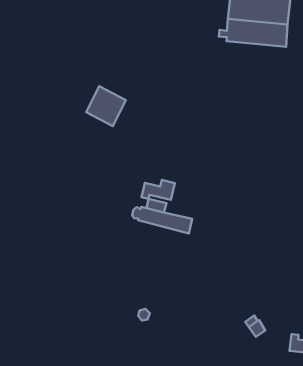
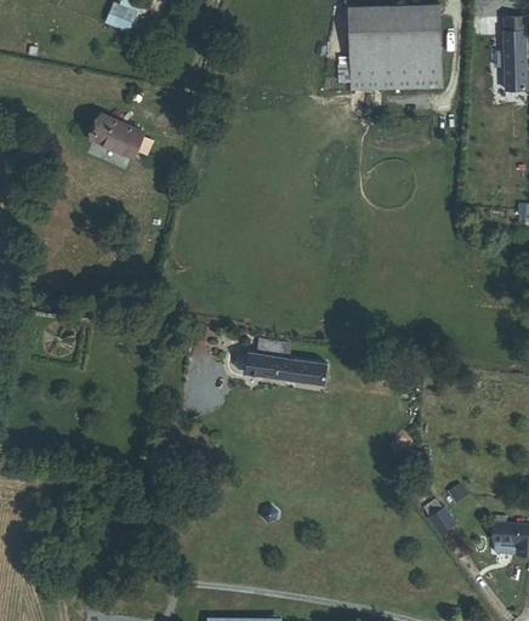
building: [86,86,126,126] -> [86,110,144,169]
building: [142,180,175,200] -> none

